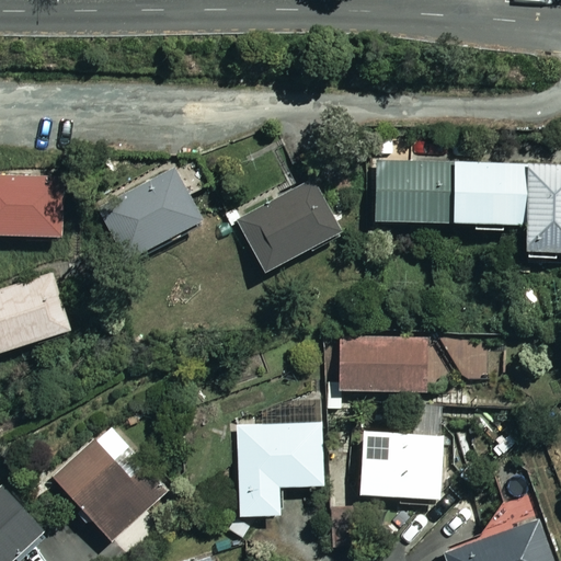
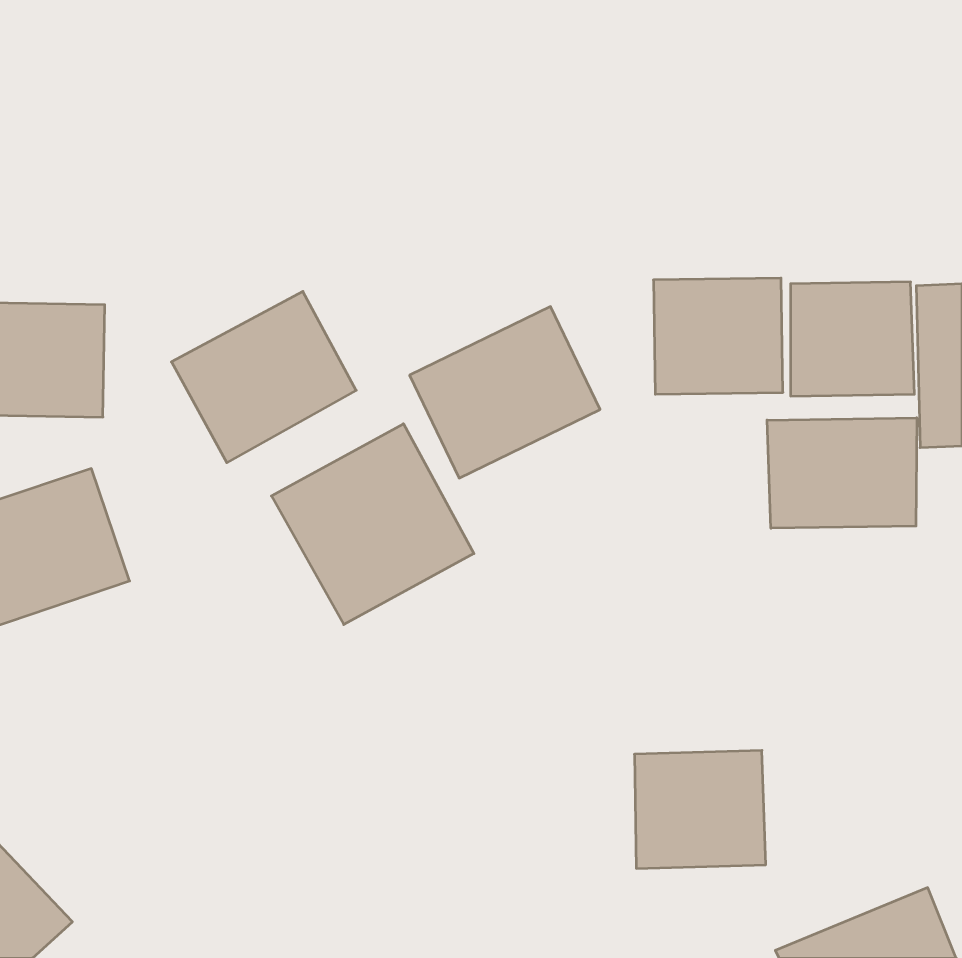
building: none -> [767,418,917,528]
building: none -> [271,424,474,625]
building: [335,334,422,388] -> none
building: [234,419,324,518] -> none
building: [49,421,169,541] -> none

